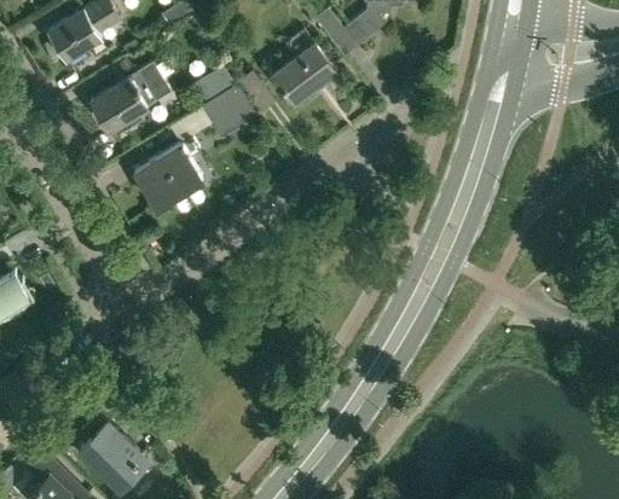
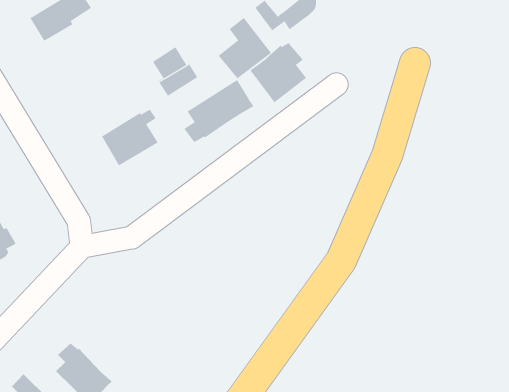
building: none -> [249,42,307,103]
building: [89,65,170,138] -> none
building: none -> [184,79,254,143]

